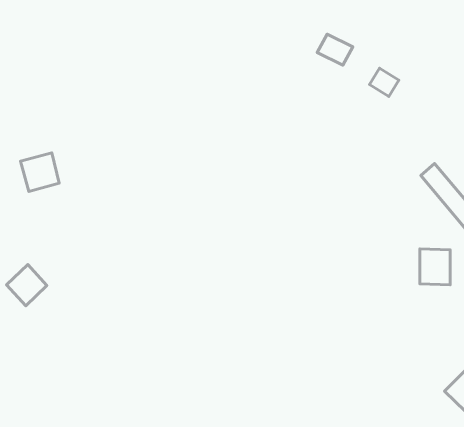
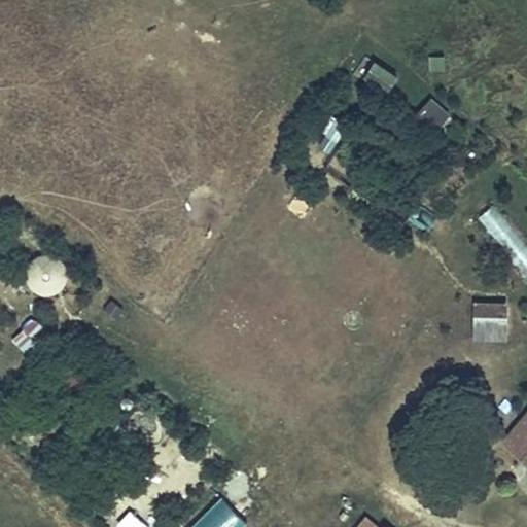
building: [21,153,59,191] -> [26,254,69,297]

